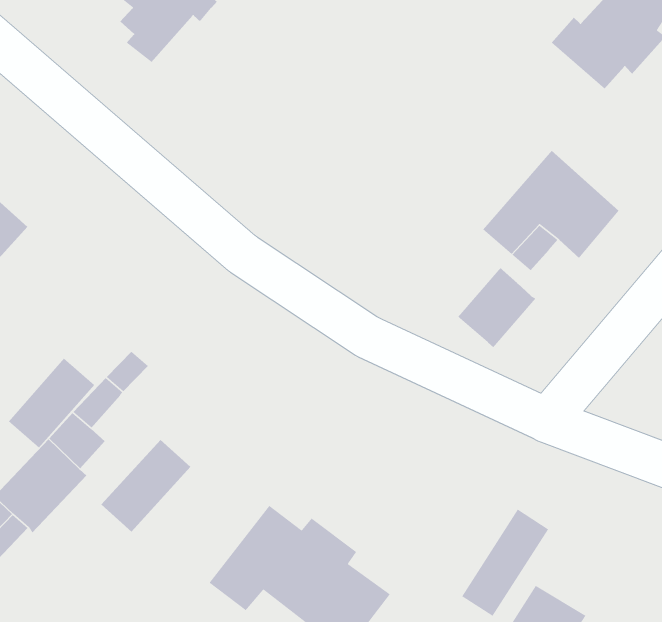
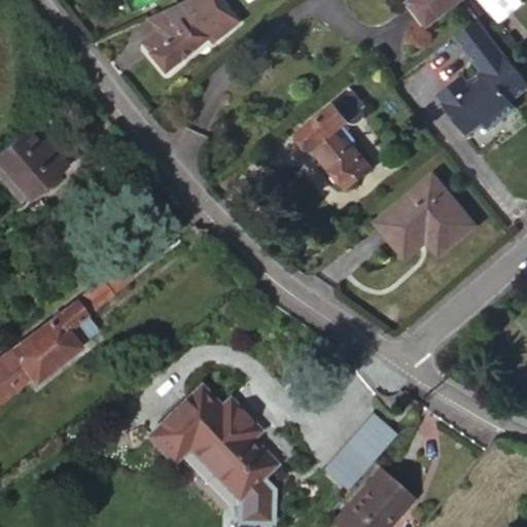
building: none -> [301,94,375,189]
building: [457,267,537,348] -> none
building: [8,358,95,449] -> none
building: [101,439,191,532] -> none

